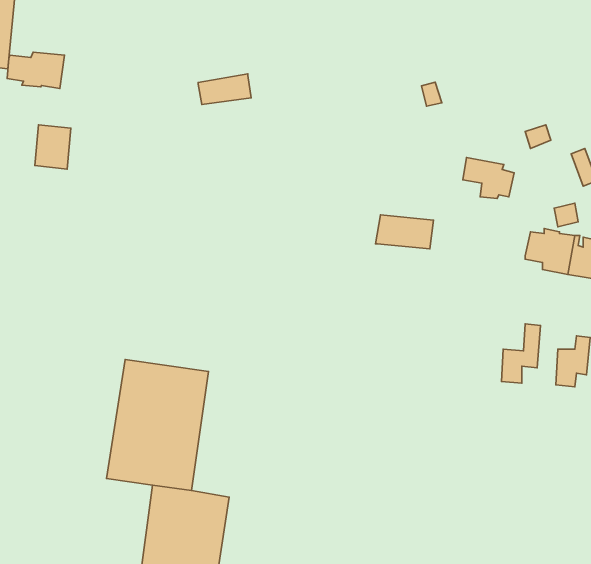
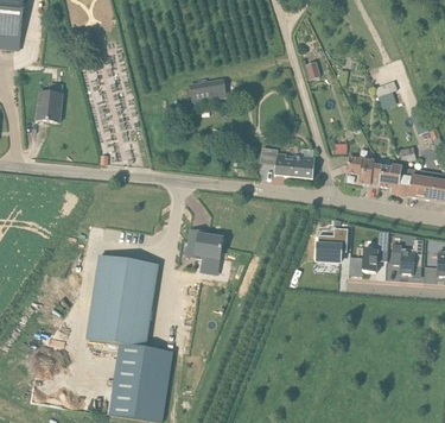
building: [7,52,64,88] -> none
building: [198,74,251,105] -> [190,80,227,101]
building: [463,158,514,198] -> [347,154,382,183]
building: none -> [186,228,223,259]
building: none -> [319,229,350,263]

